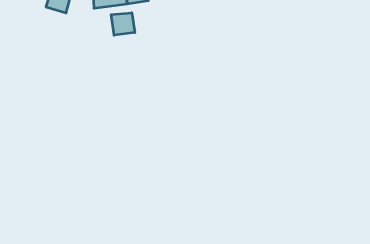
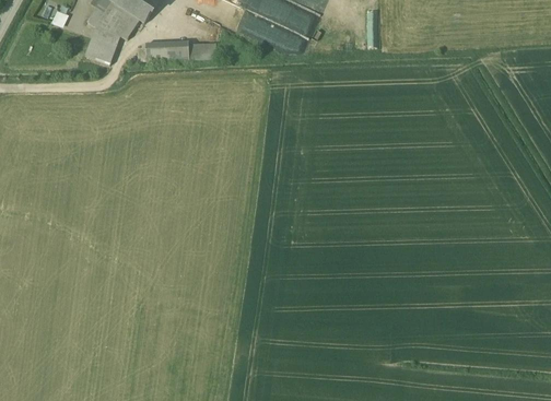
building: [111,13,135,35] -> none

